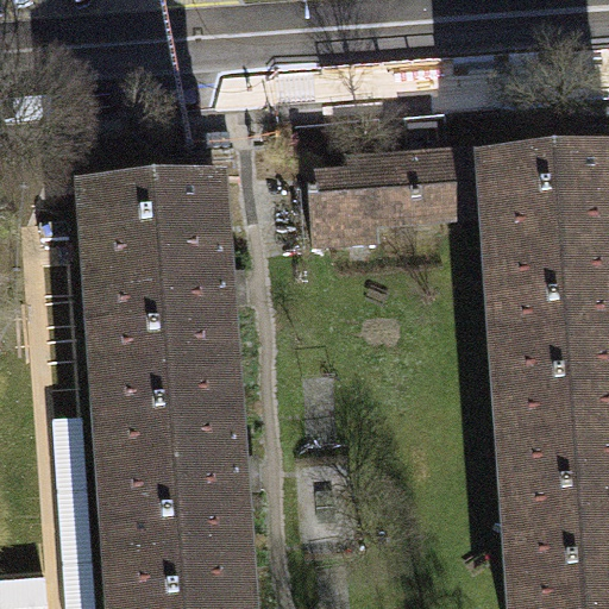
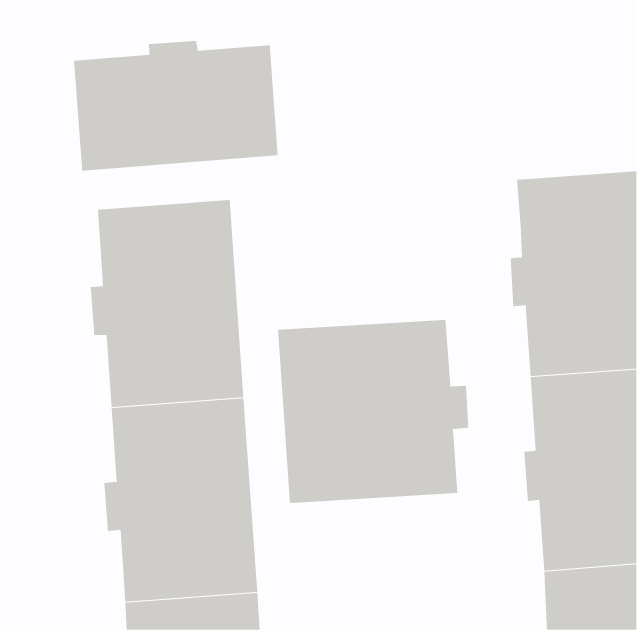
building: none -> [73,40,278,171]
building: [309,151,507,245] -> none
building: none -> [278,319,469,504]

